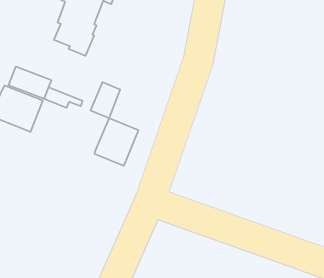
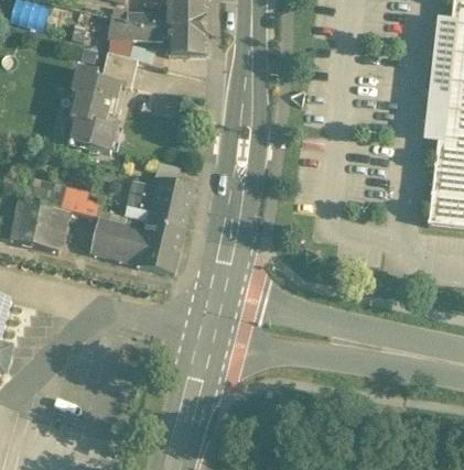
building: none -> [149,177,195,229]
building: none -> [91,212,147,262]

